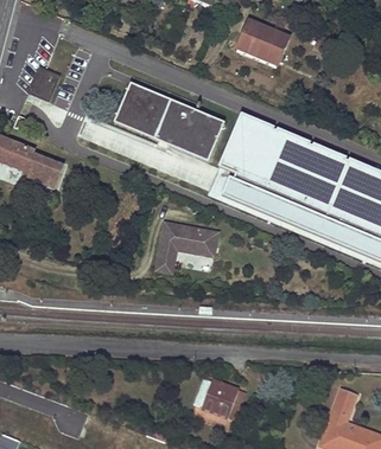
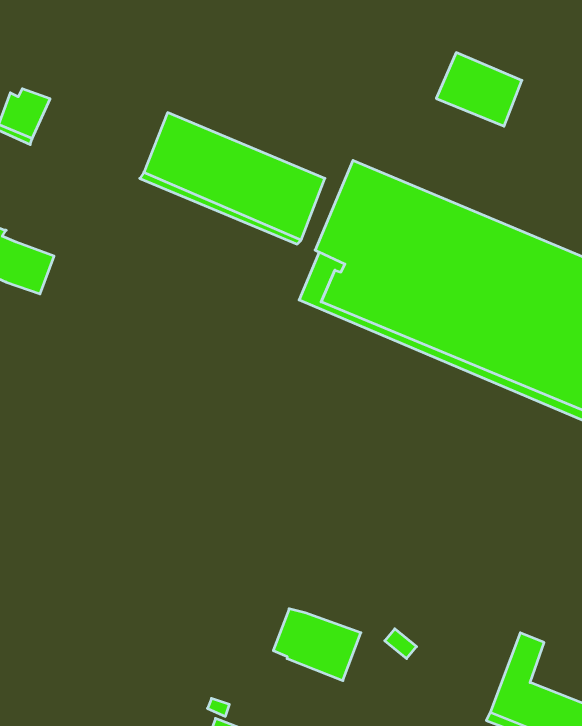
building: [237,20,288,64] -> [436,53,522,126]
building: [157,222,220,272] -> none

